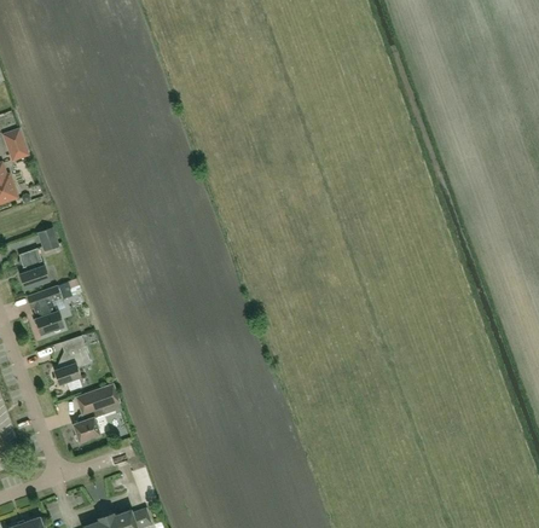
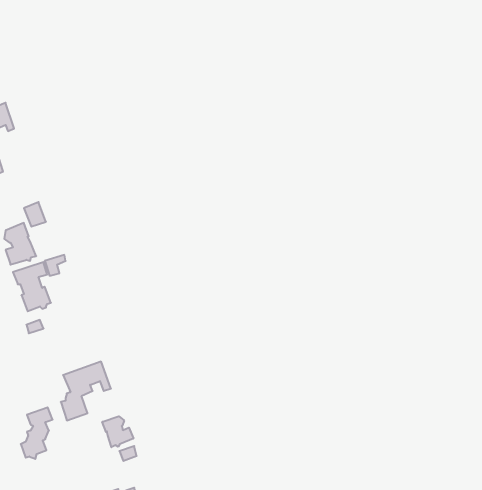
building: [53,335,85,385] -> [21,407,53,459]
building: none -> [102,416,133,447]

